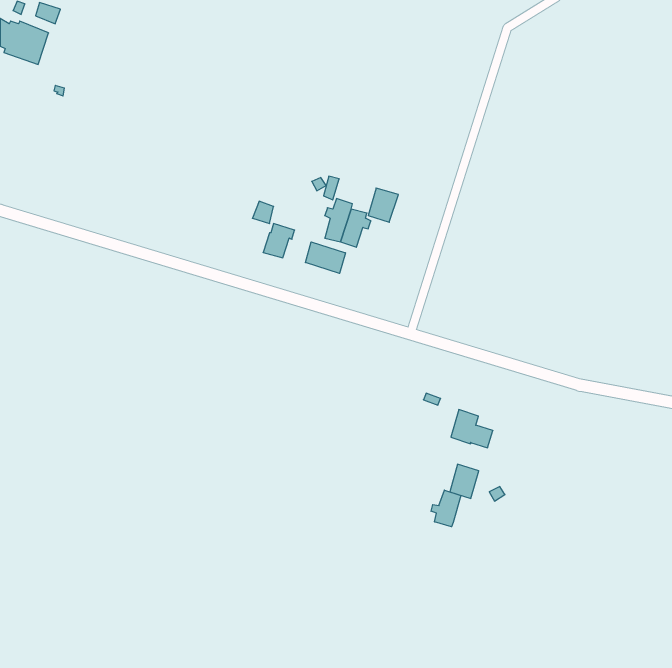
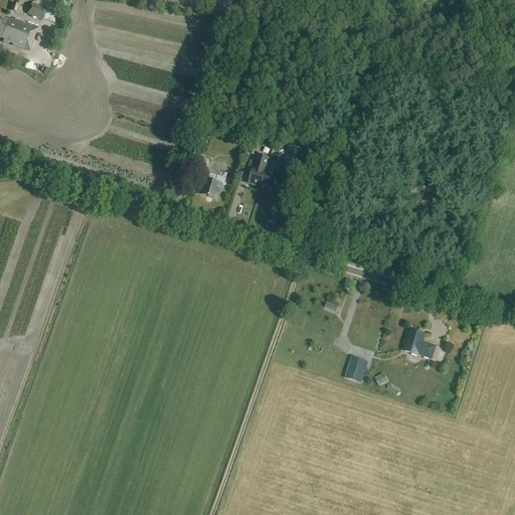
building: [305,242,345,273] -> none
building: [451,410,493,448] -> [403,328,436,357]
building: [431,490,461,527] -> none

